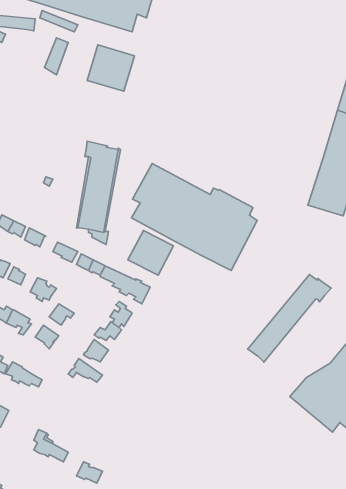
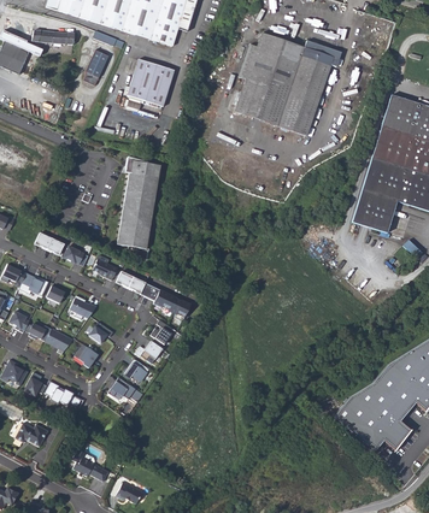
building: none -> [234,31,341,135]
building: [132,163,257,270] -> none
building: [128,230,173,275] -> none
building: [247,274,331,362] -> none

